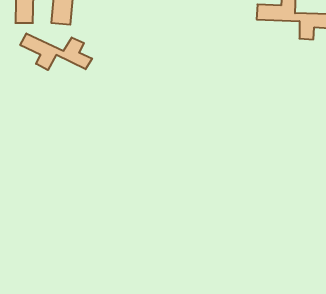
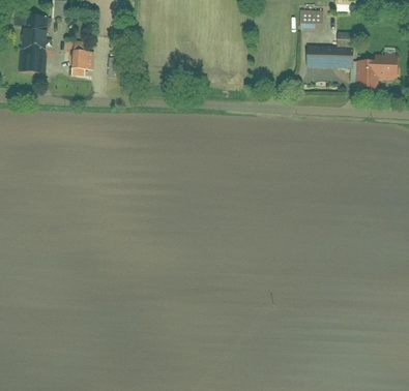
building: [20,33,92,70] -> none

